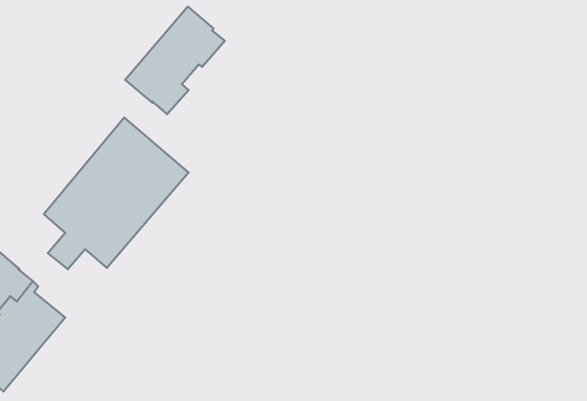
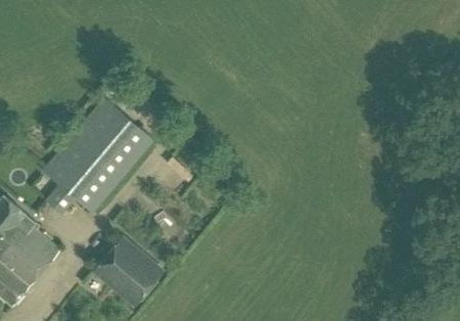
building: [125,7,225,114] -> none
building: none -> [91,234,165,308]

